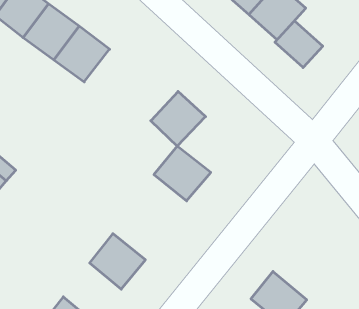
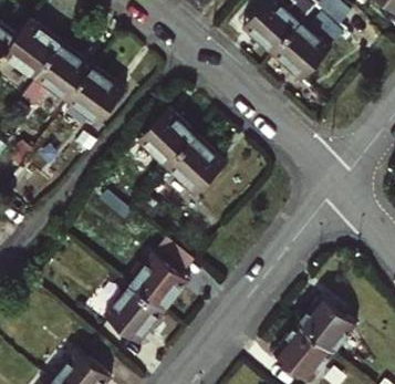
building: [275,21,323,68] -> none
building: none -> [138,108,197,166]
building: [154,146,211,201] -> [128,255,188,312]
building: none -> [297,298,354,354]

